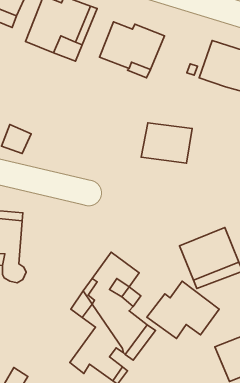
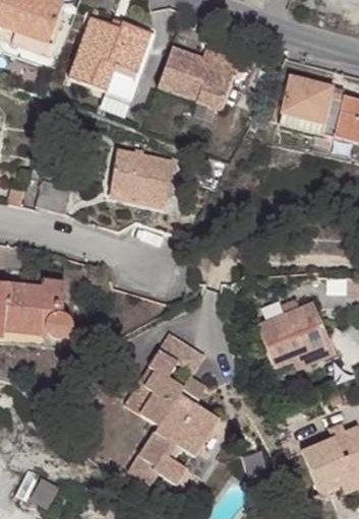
building: [141,123,192,163] -> [110,144,173,194]
building: [147,281,219,339] -> none

